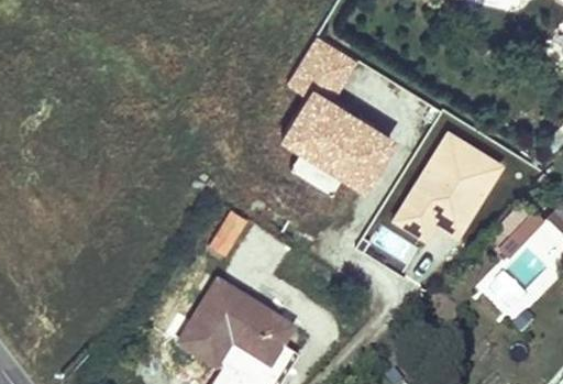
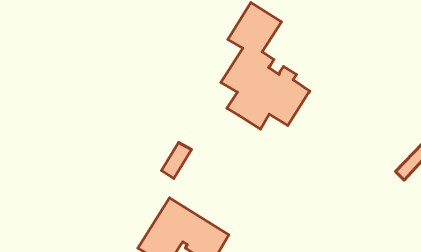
building: [390,129,506,244] -> none

